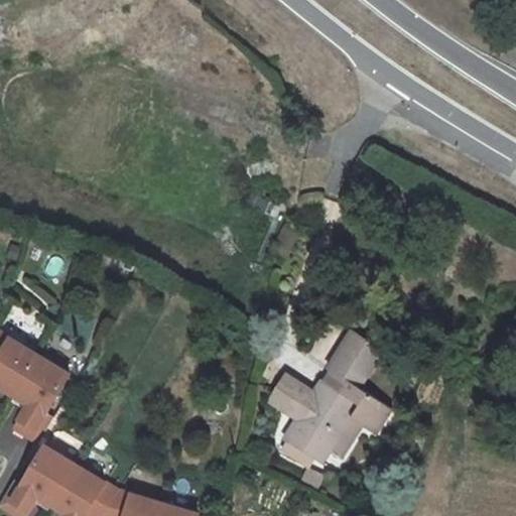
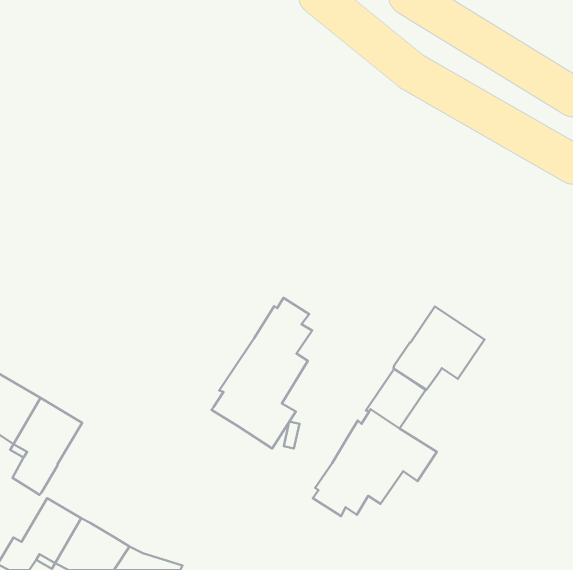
building: none -> [212,298,312,449]
building: none -> [394,306,484,390]
building: [269,372,312,415] -> none

